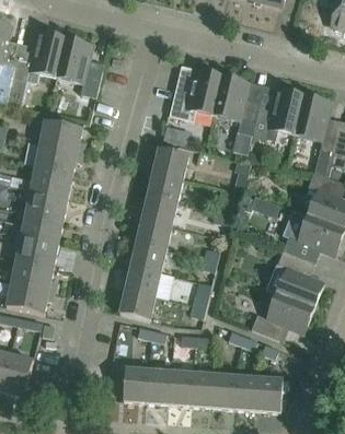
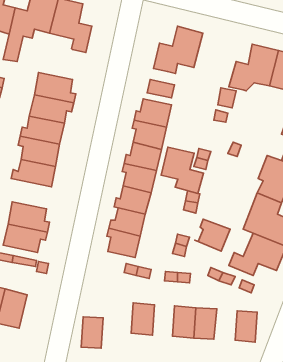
building: [212,75,258,133] -> none
building: none -> [161,147,203,193]
building: [12,233,58,266] -> none
building: none -> [195,219,230,251]
building: [123,366,147,400] -> [81,317,103,348]
building: [168,370,192,403] -> none
building: [234,374,260,408] -> none

